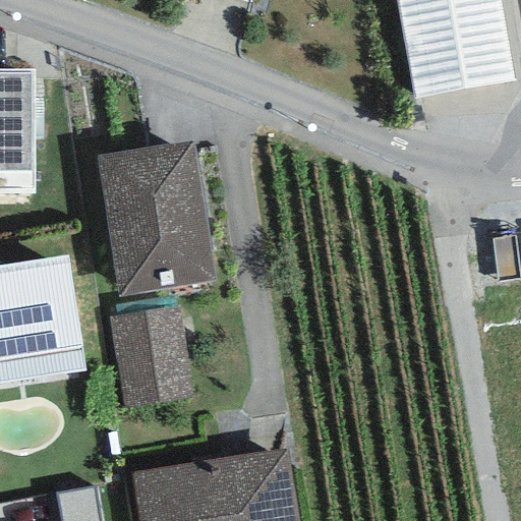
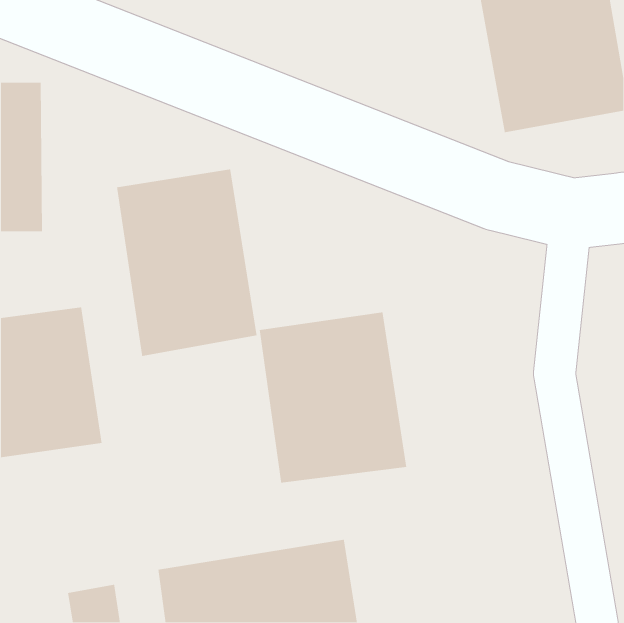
building: none -> [259,312,407,484]
building: [109,306,192,408] -> none

